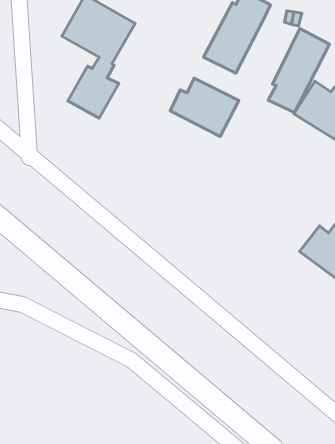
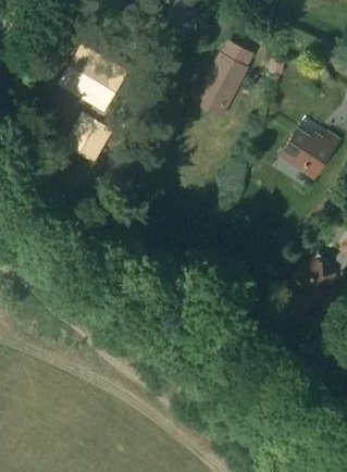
building: [268,29,330,113] -> none
building: [170,78,239,136] -> none

